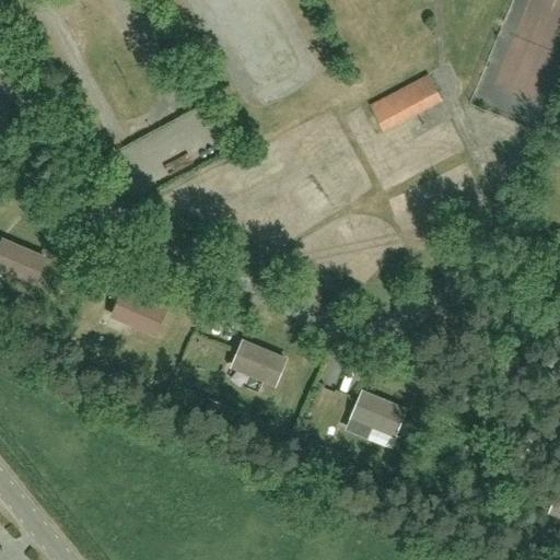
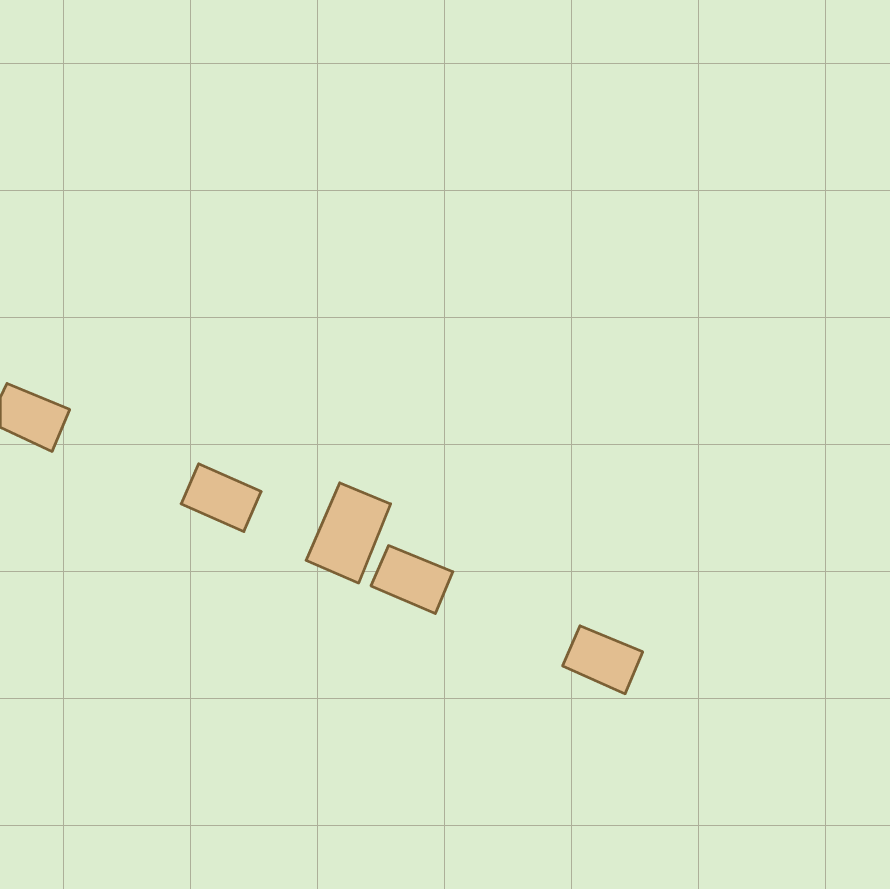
building: [370,74,442,131] -> none
building: none -> [306,483,391,583]

